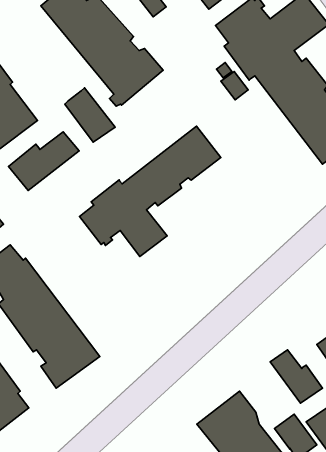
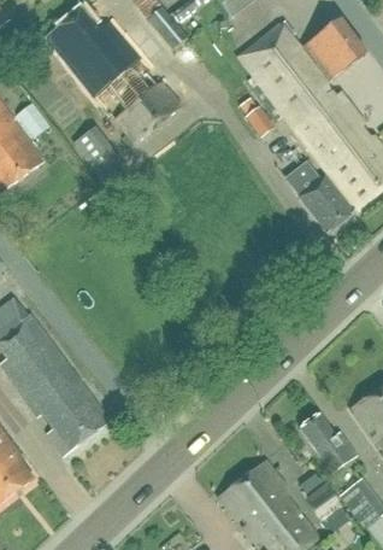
building: [79,126,221,256] -> none
building: none -> [290,168,353,232]
building: [8,132,79,191] -> none

